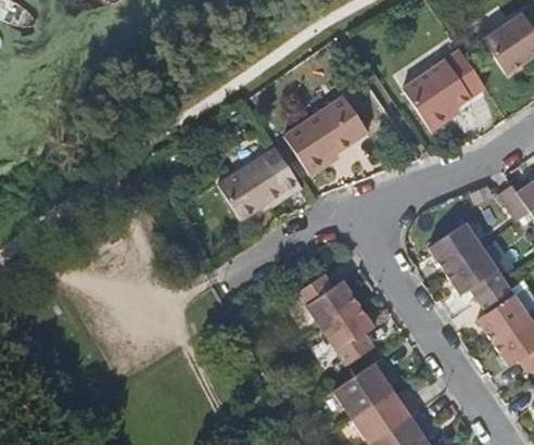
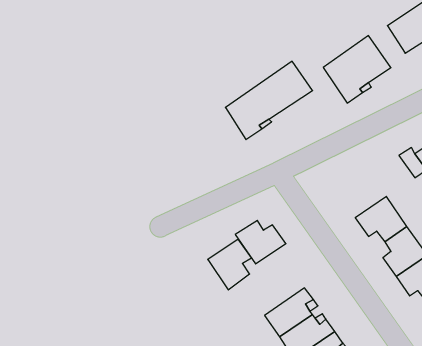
building: [218,147,300,220] -> none
building: [427,222,481,271] -> none
building: [321,303,374,365] -> [208,239,251,290]

